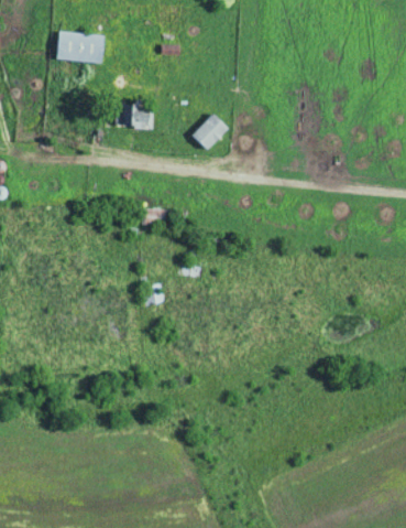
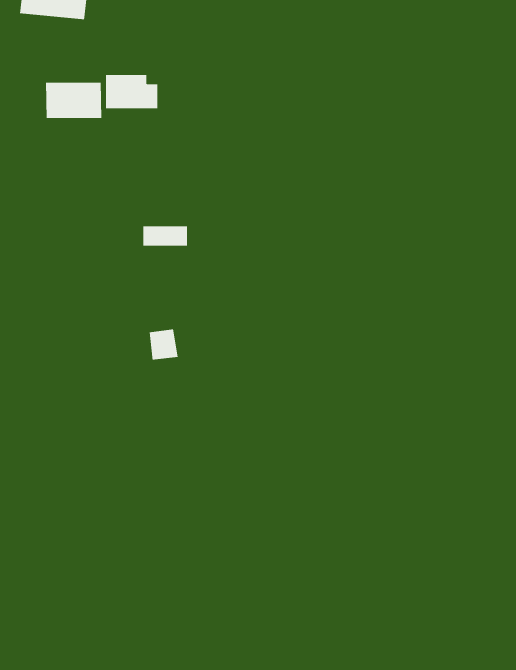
building: none -> [46,82,102,119]
building: [191,114,228,150] -> none

